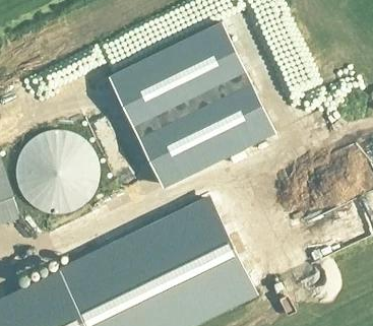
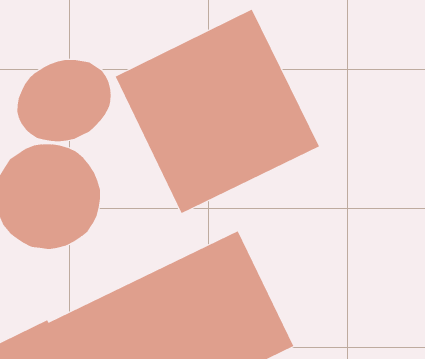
building: none -> [17,59,111,142]

